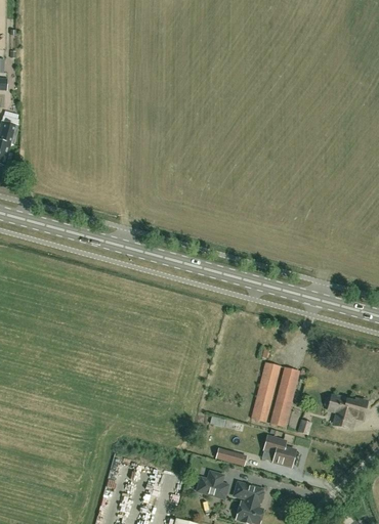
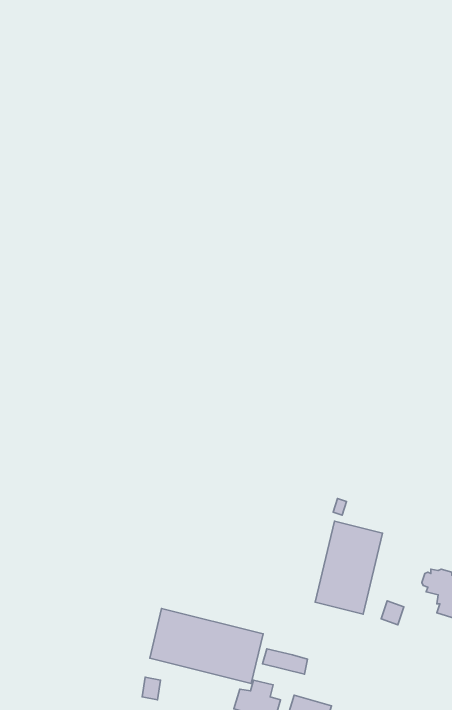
building: none -> [150,609,263,684]
building: [264,436,296,466] -> none

